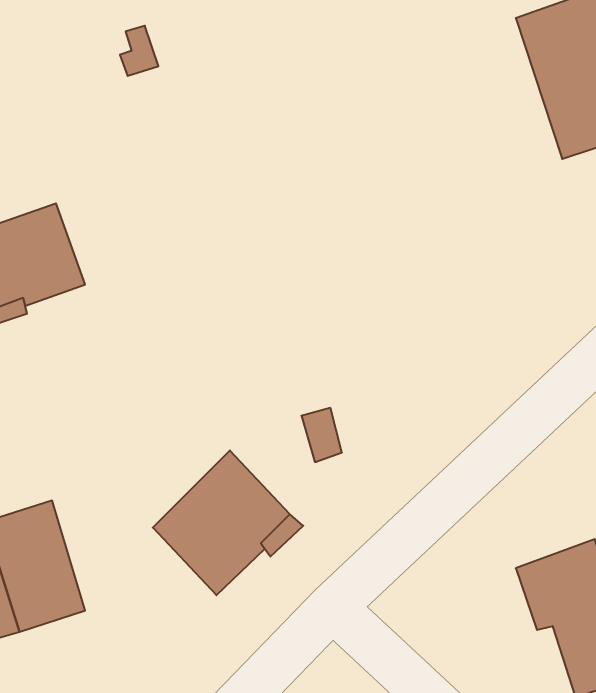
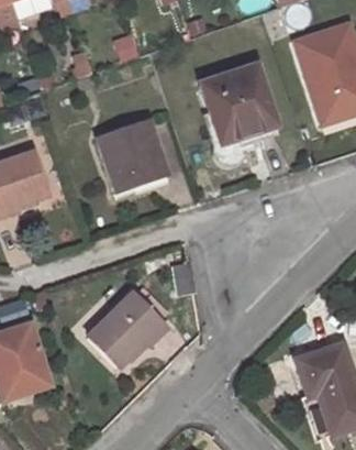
building: none -> [201,68,277,173]
building: none -> [97,121,168,193]

